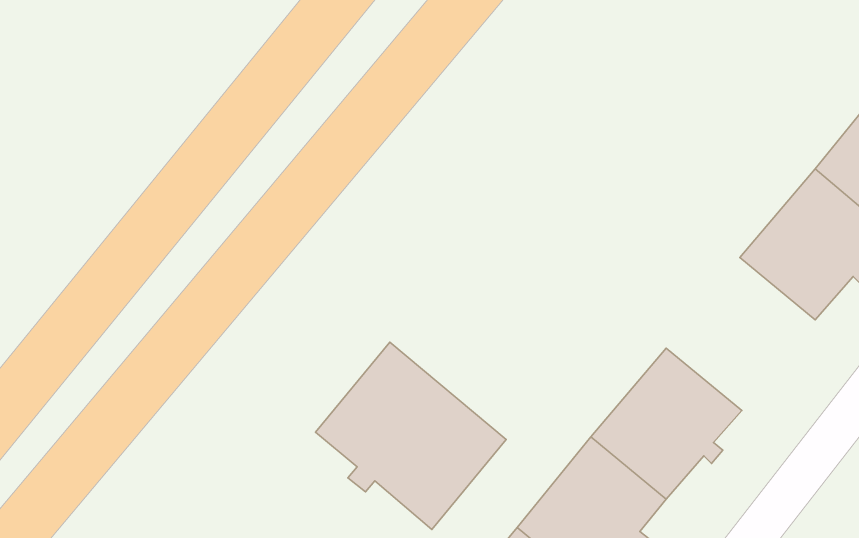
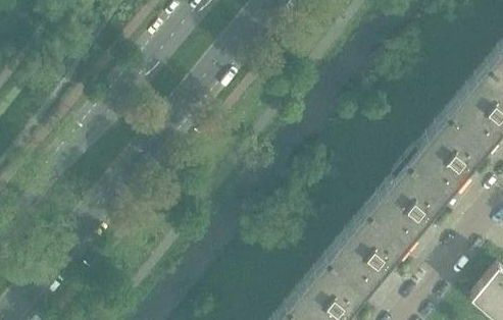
building: none -> [381,146,461,228]
building: [315,342,506,530] -> none

